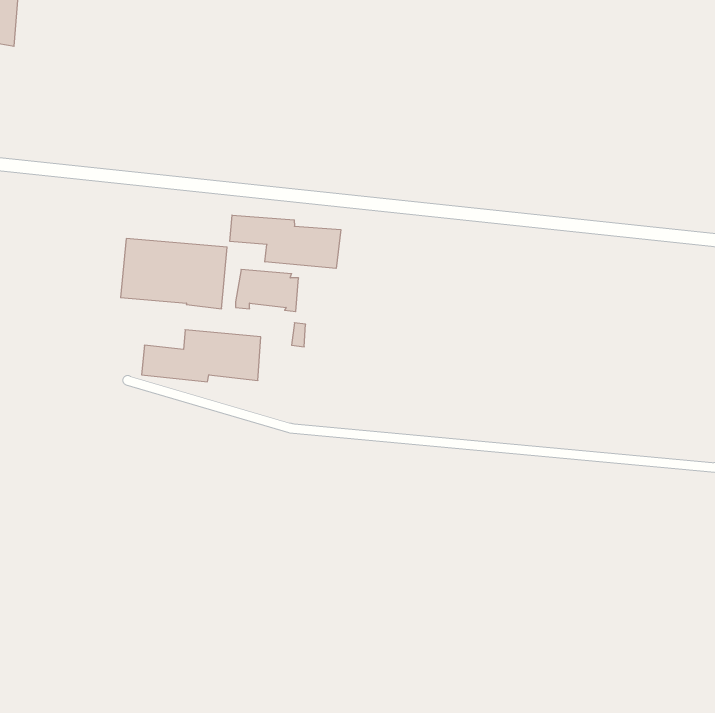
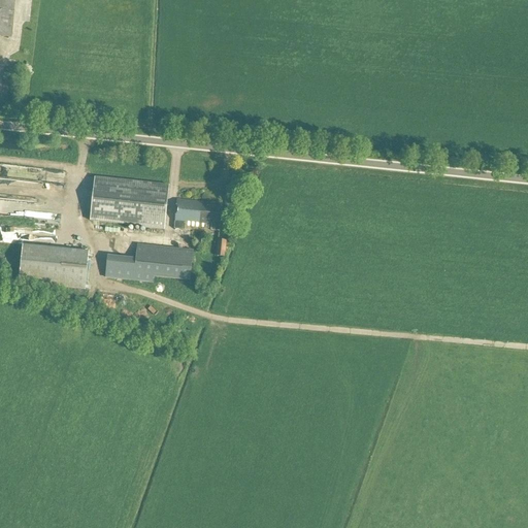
building: [230,215,341,268] -> none
building: none -> [18,242,88,289]

